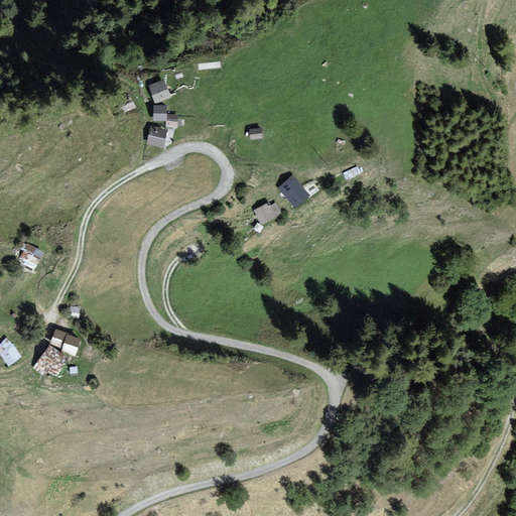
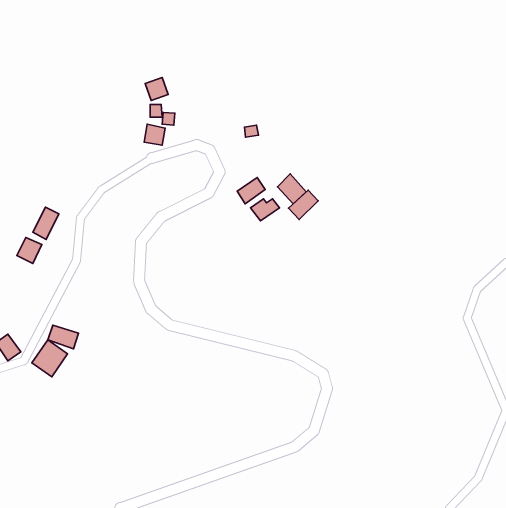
building: none -> [237,178,265,204]
building: none -> [289,190,318,219]
building: none -> [33,207,59,240]

